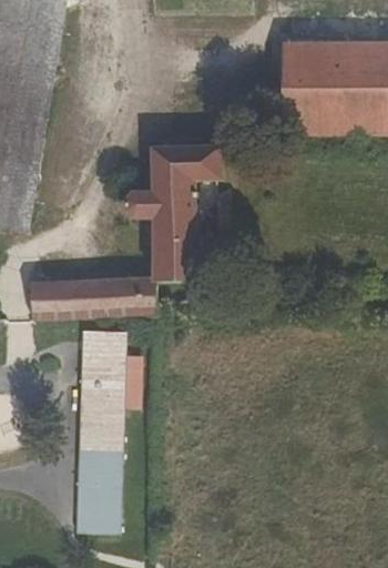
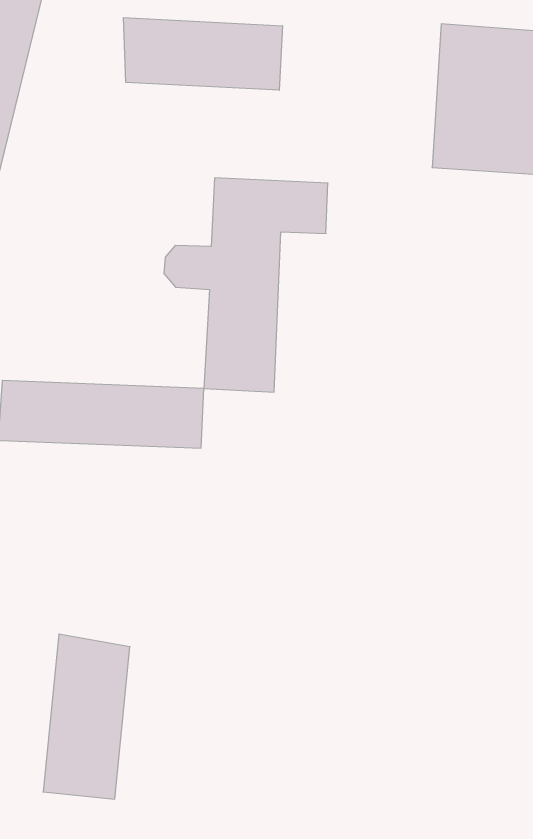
building: none -> [124,18,282,90]
building: [78,329,139,439] -> none

